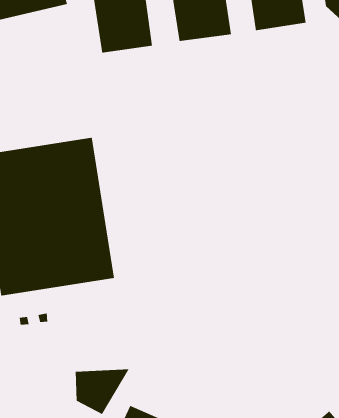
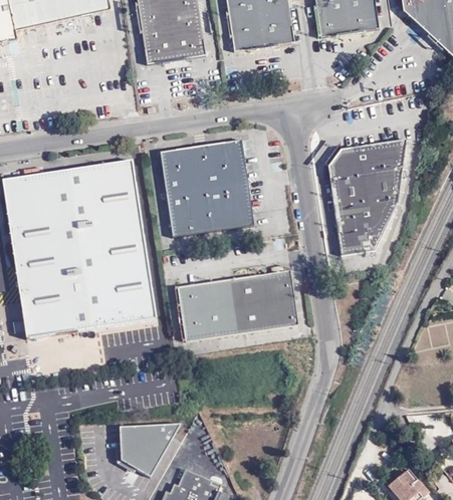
building: none -> [157,137,252,236]
building: none -> [324,138,404,254]
building: none -> [176,273,294,340]

